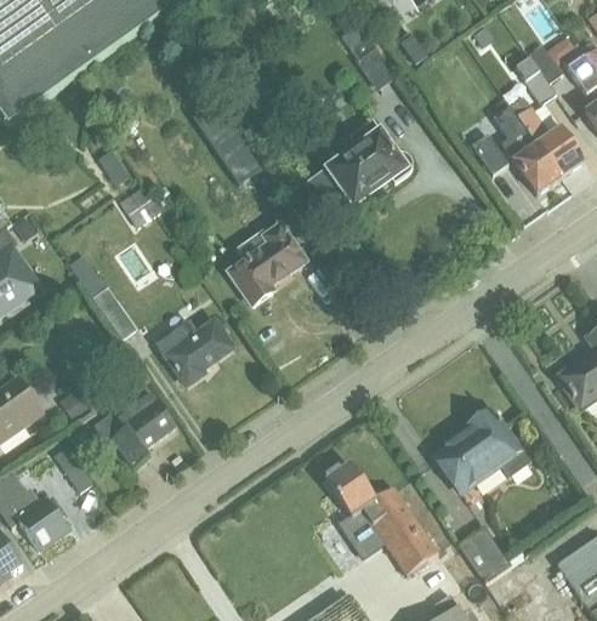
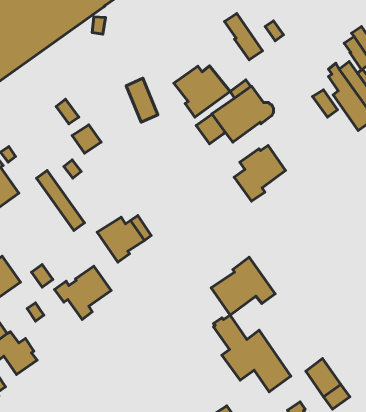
building: none -> [174,66,230,117]
building: [227,223,302,304] -> [234,145,286,201]
building: [434,409,528,494] -> [211,257,275,315]

